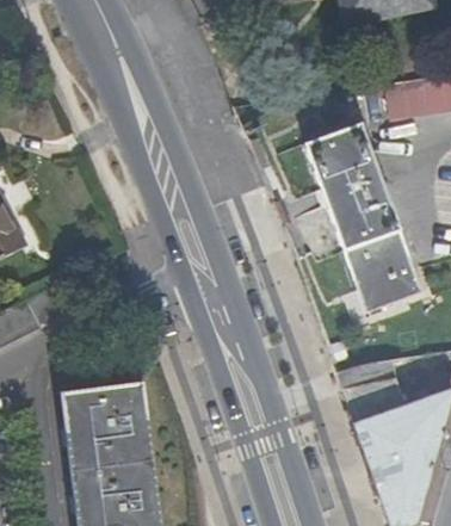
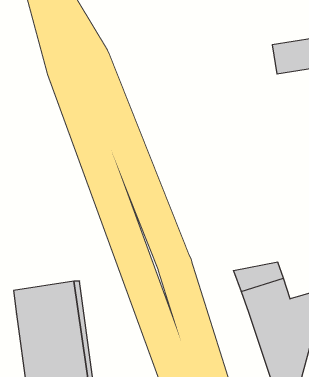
building: [305,123,422,311] -> none

